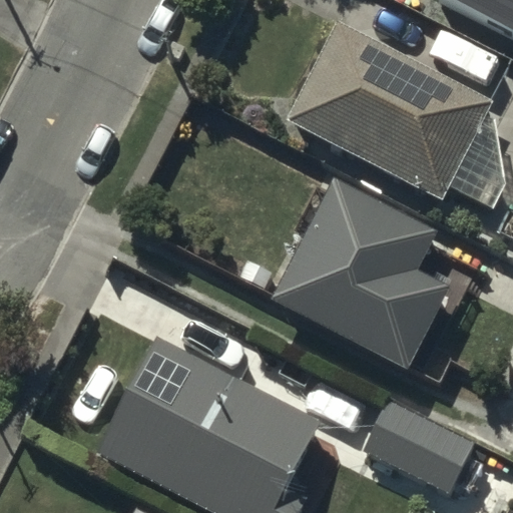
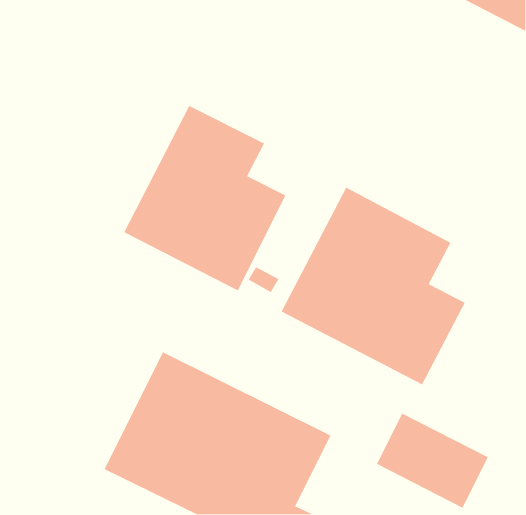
building: [288,23,492,197] -> none
building: none -> [123,105,286,291]

